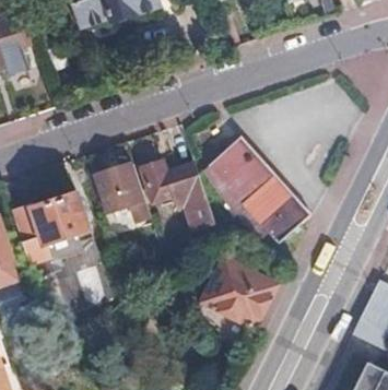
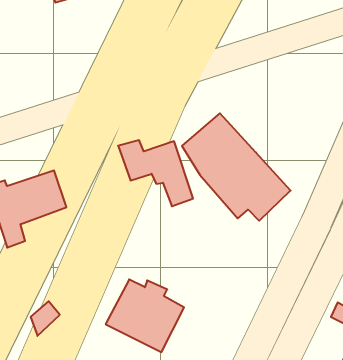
building: [98,163,157,234] -> none
building: [200,258,277,329] -> [106,279,184,352]

